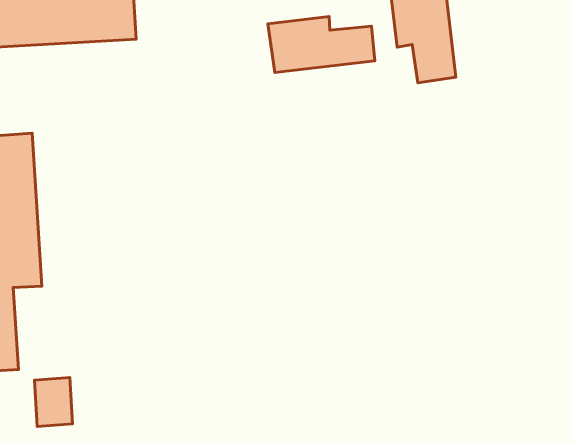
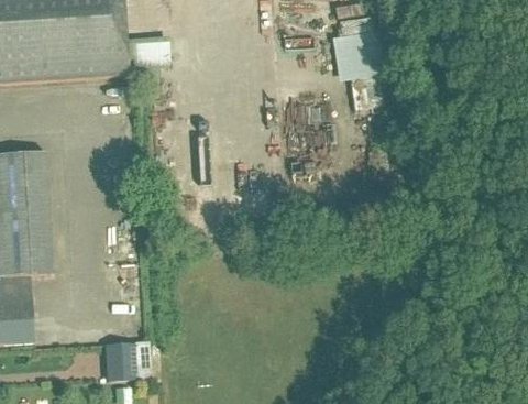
building: [268,17,375,73] -> none
building: [34,377,73,426] -> [106,341,136,381]

